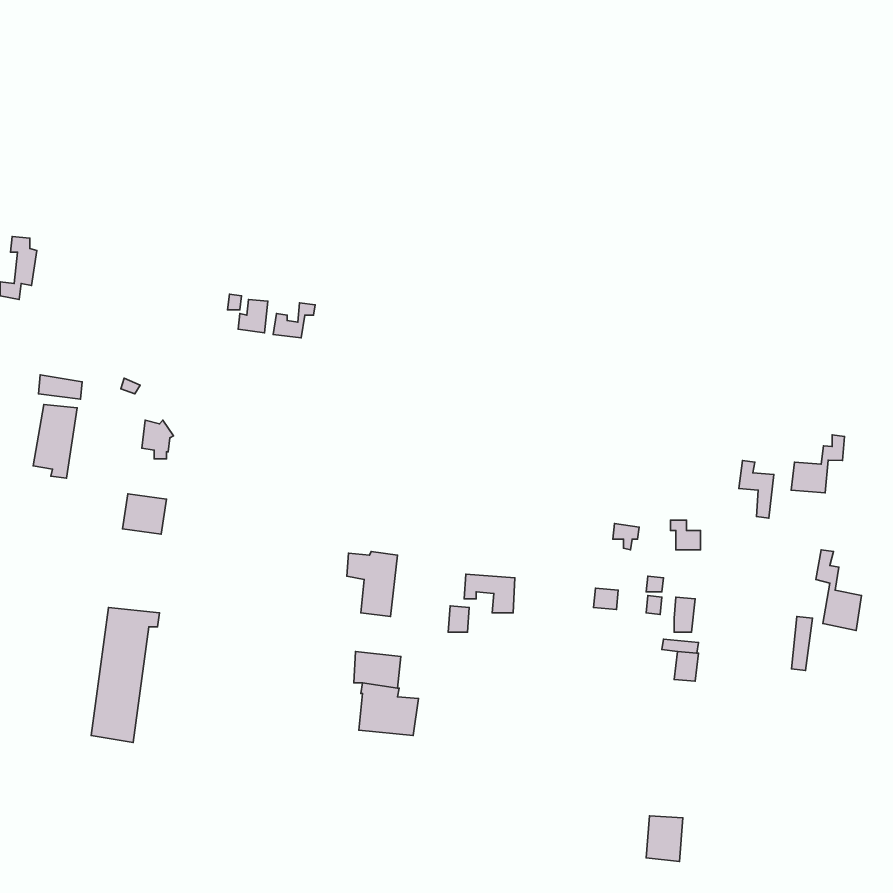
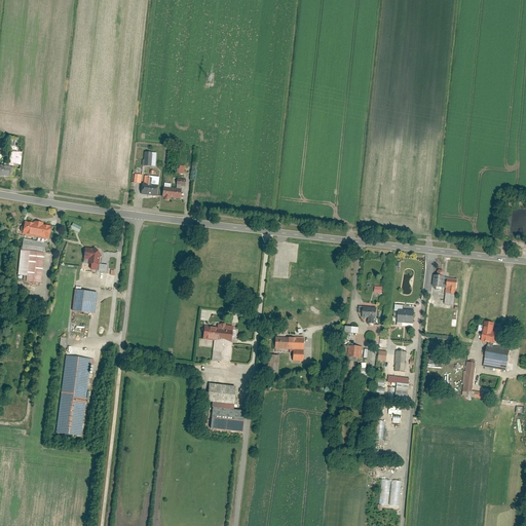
building: [791,435,844,493] -> none

